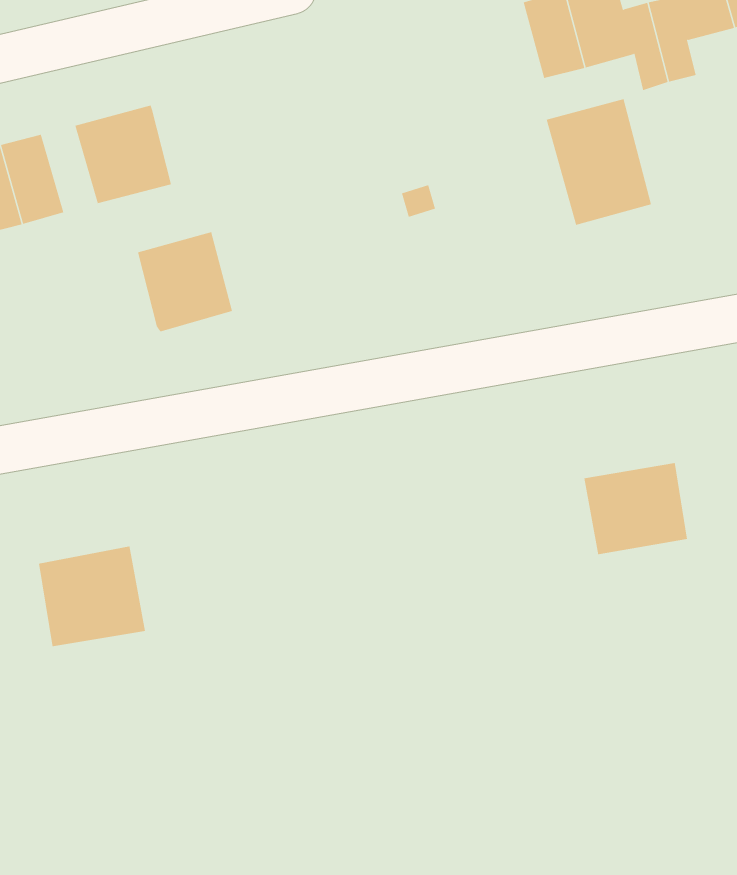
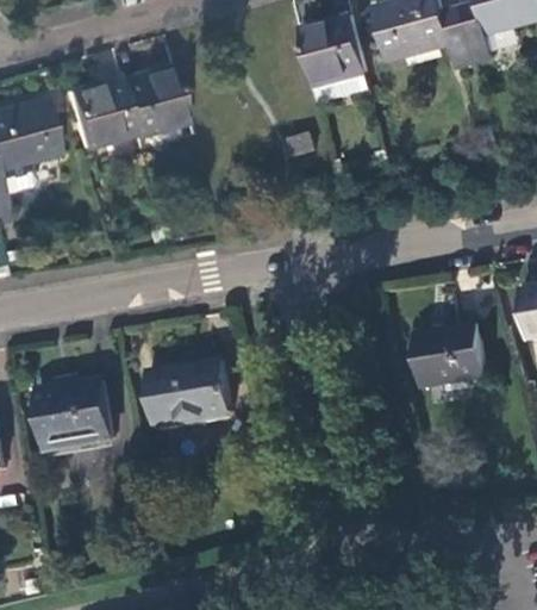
building: [546,99,652,225] -> [298,15,370,102]
building: [137,231,233,332] -> [119,68,185,137]
building: none -> [150,360,233,425]

